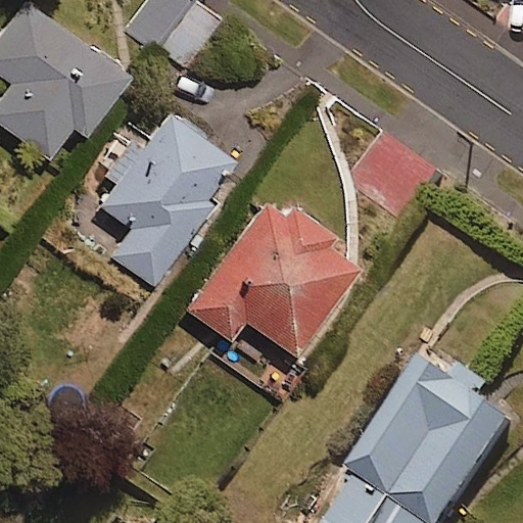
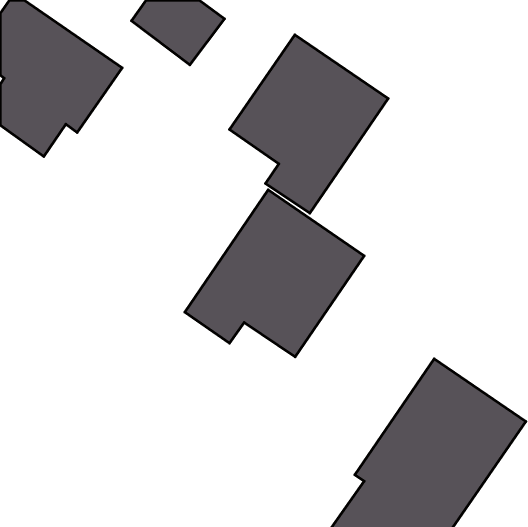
building: none -> [230,35,388,213]
building: [101,112,230,286] -> none

